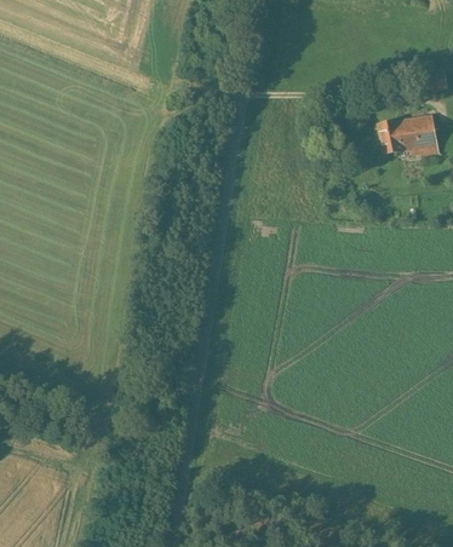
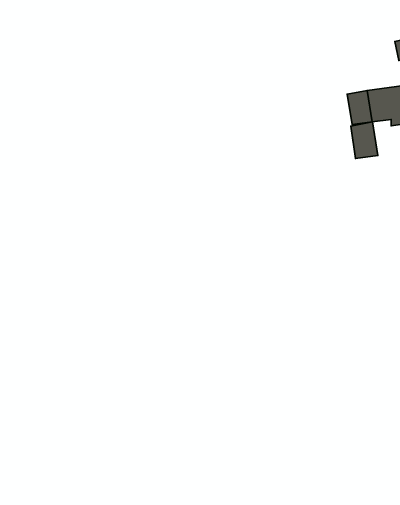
building: none -> [351,122,378,158]

